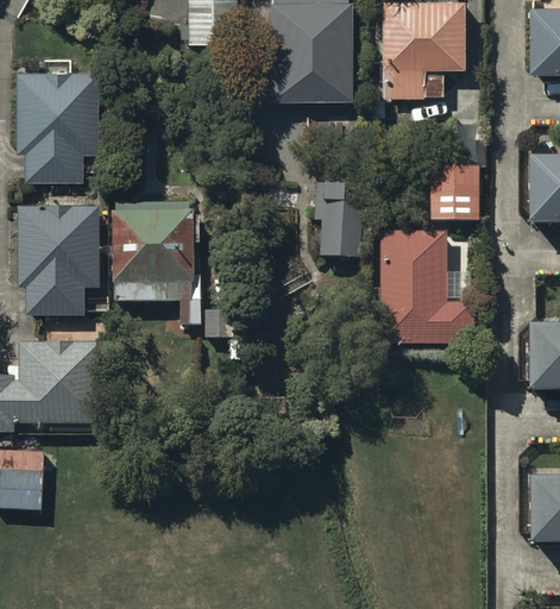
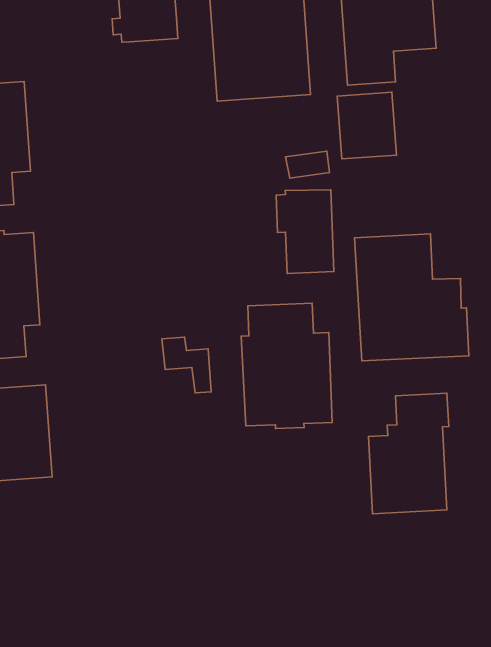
building: [434,168,483,224] -> [337,92,396,159]
building: [112,206,201,327] -> none
building: none -> [241,303,332,429]
building: none -> [368,393,449,514]

